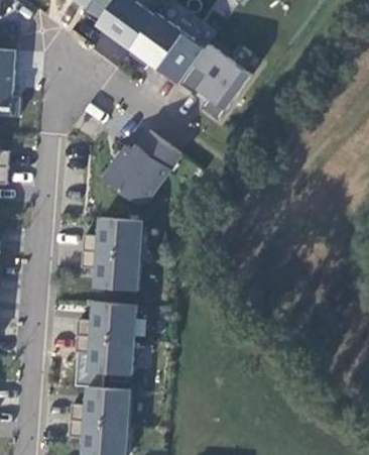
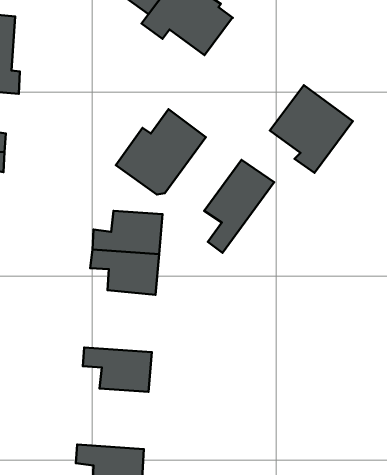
building: [180,44,252,120] -> [270,85,353,173]
building: none -> [204,160,274,253]
building: [77,302,137,340] -> none
building: [71,386,131,424] -> none

